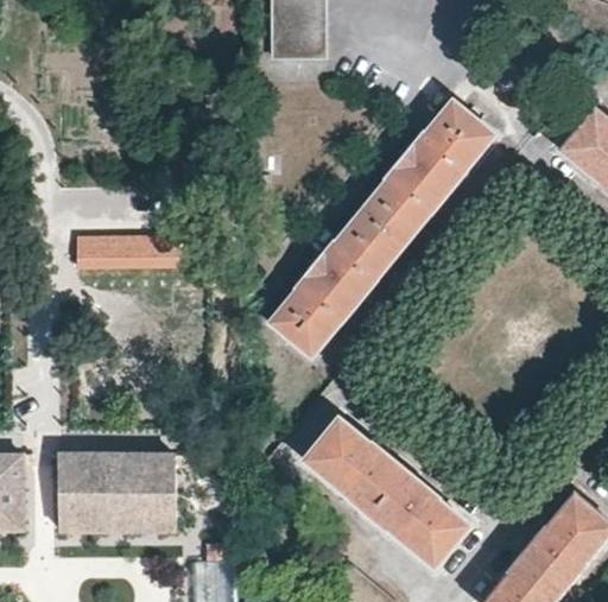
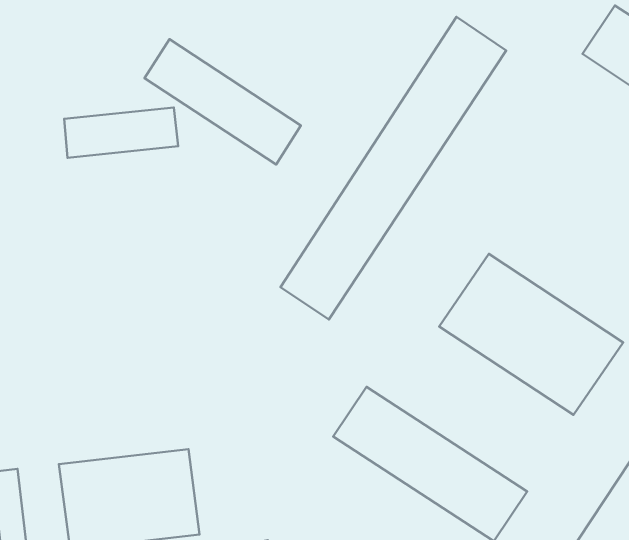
building: none -> [145,39,301,165]
building: [72,234,171,270] -> [64,108,178,158]
building: none -> [439,254,623,415]

